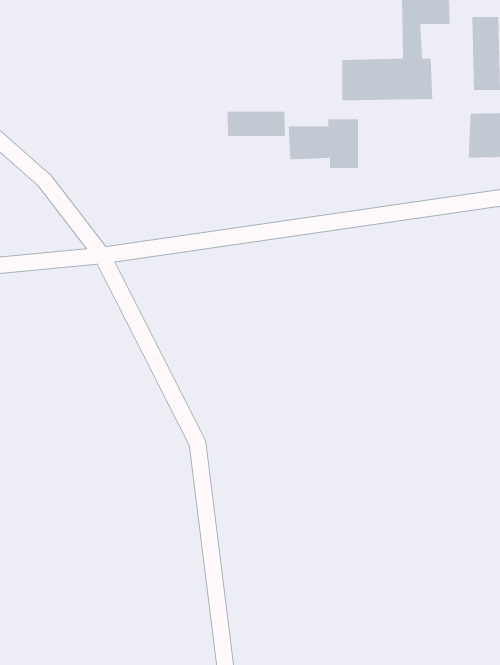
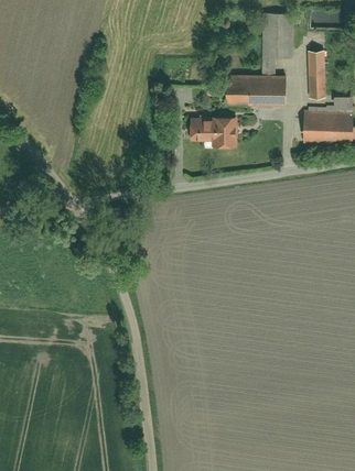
building: [227,111,286,137] -> none

